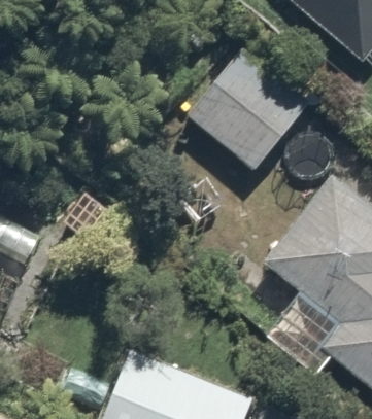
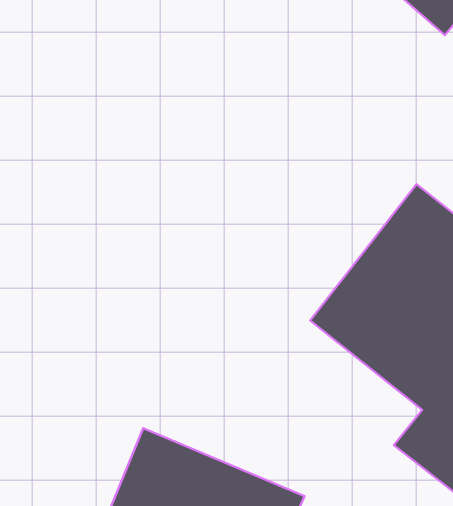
building: [185,54,316,180] -> none

